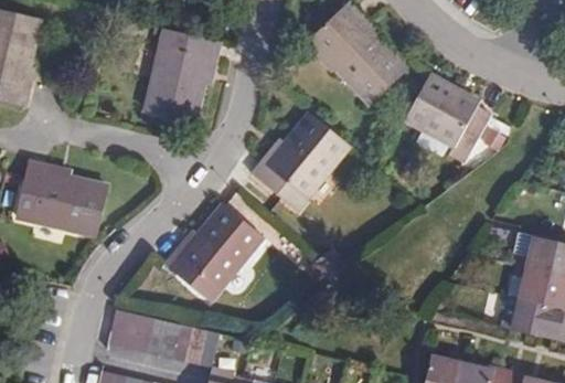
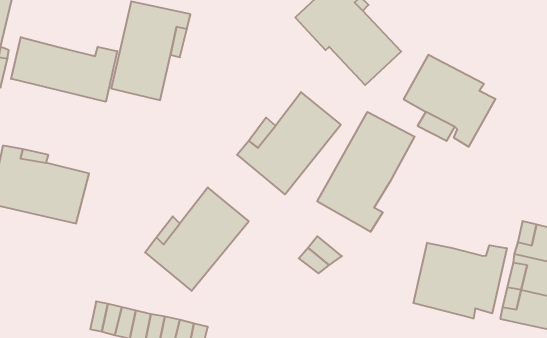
building: none -> [11,37,117,102]
building: none -> [317,112,415,232]
building: none -> [413,243,507,319]

